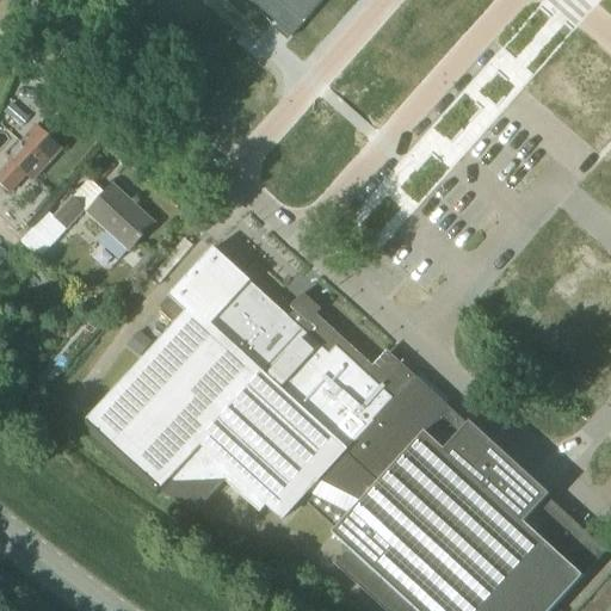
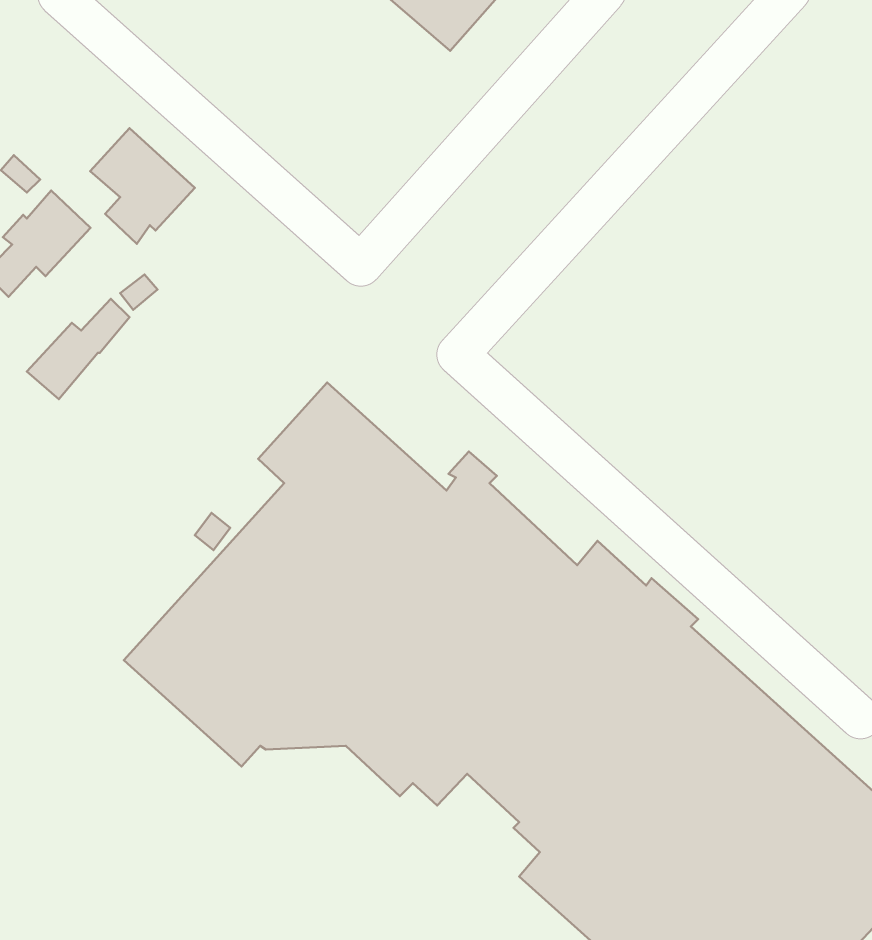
building: [88,183,155,257] -> [90,128,195,244]

